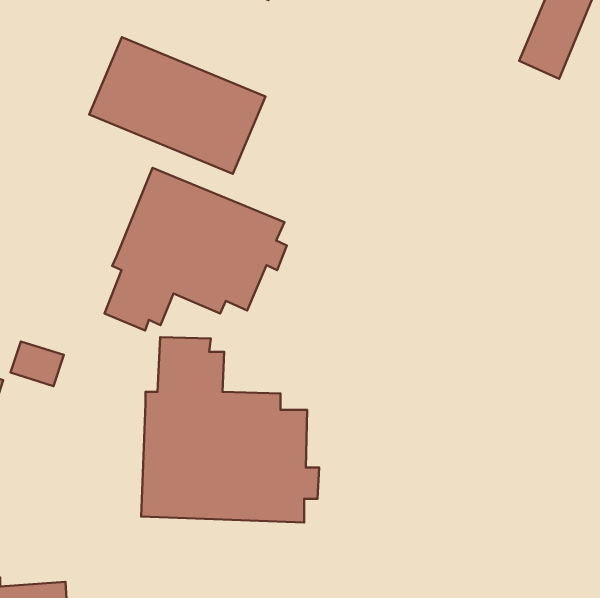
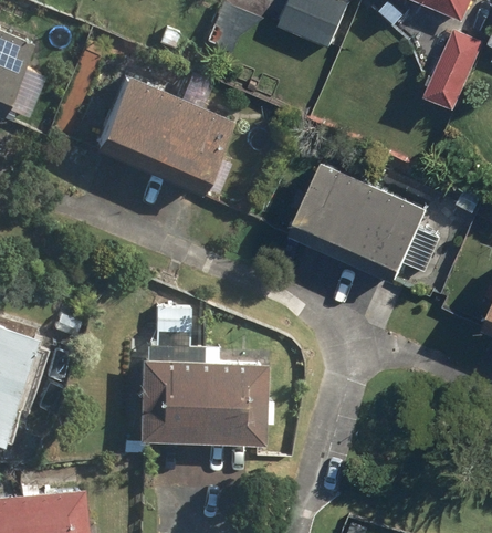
building: none -> [292,168,441,281]
building: [105,168,287,331] -> none

